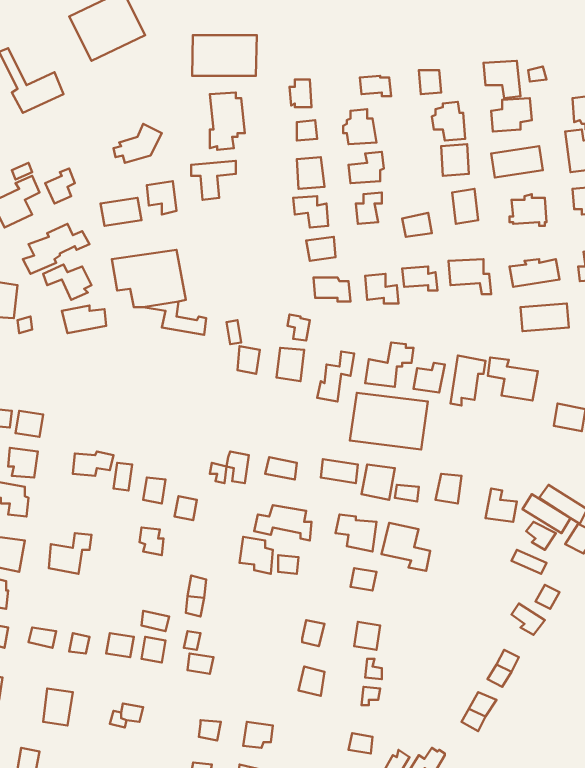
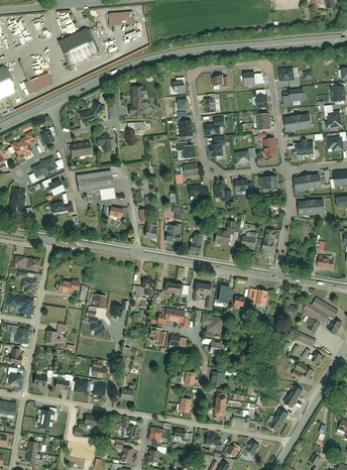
building: [192,35,257,76] -> none
building: [488,357,538,400] -> none
building: [350,393,428,449] -> none
building: [382,523,430,571] -> none

